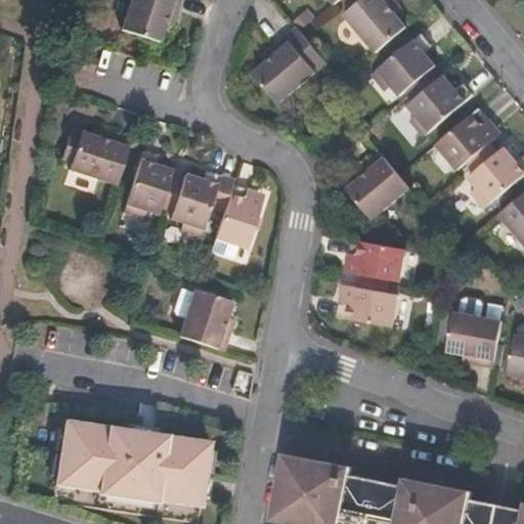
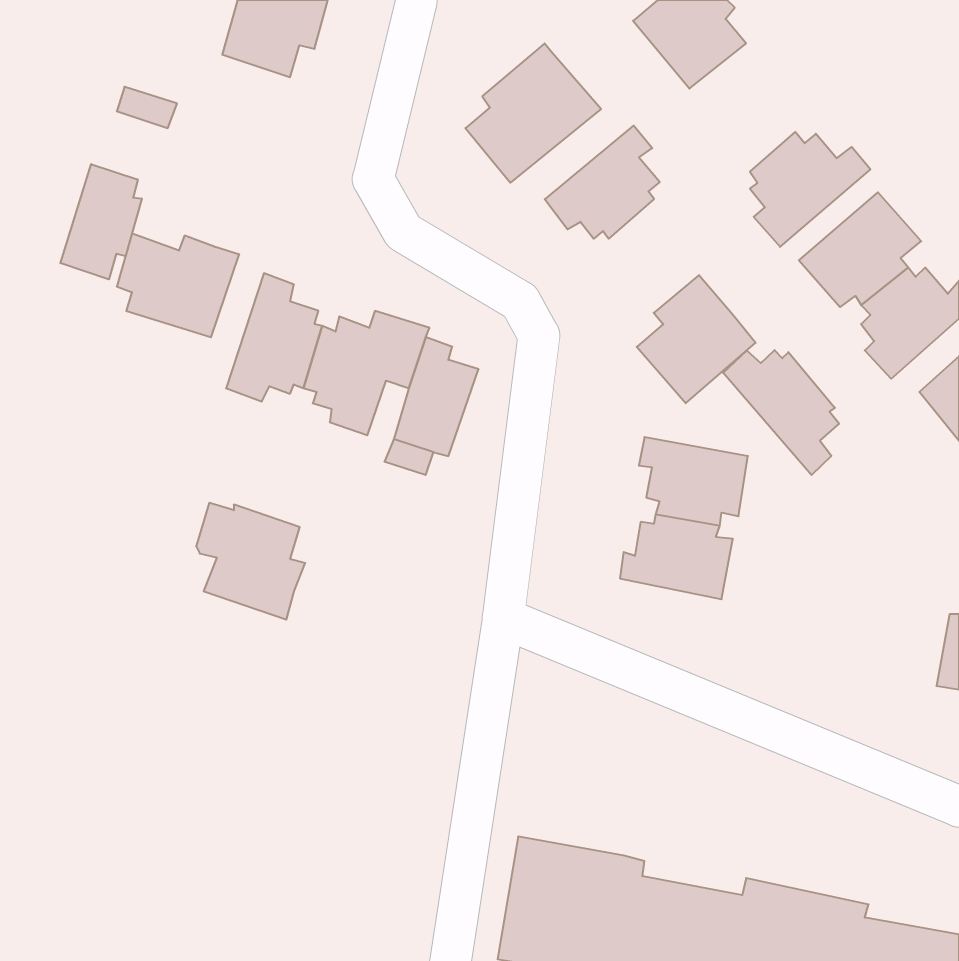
building: [373,33,435,94] -> [545,126,660,239]
building: none -> [60,164,142,279]
building: none -> [723,350,839,475]
building: [173,288,232,351] -> [196,503,305,620]
building: [447,310,503,366] -> none
building: [53,421,209,505] -> none

